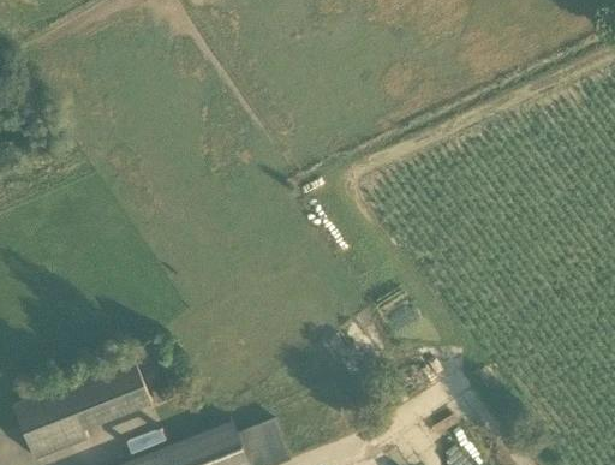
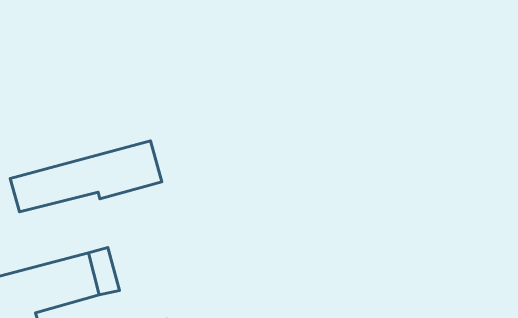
building: none -> [10,141,162,212]

